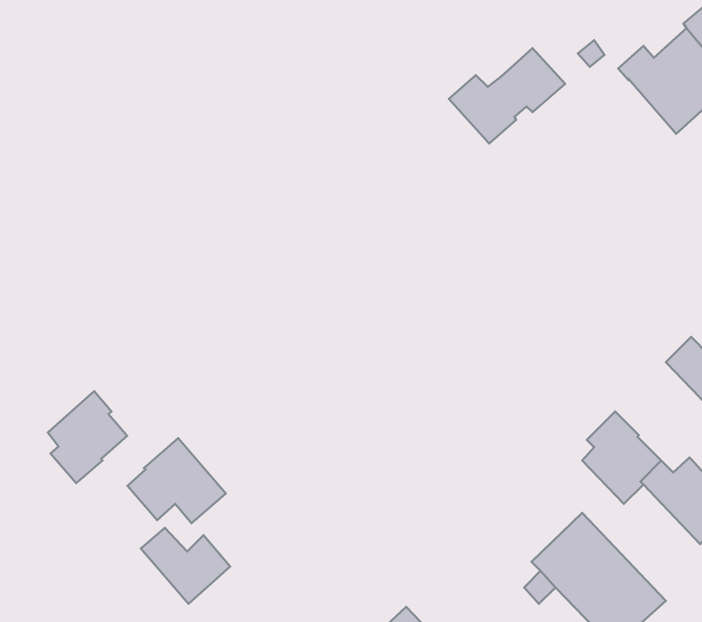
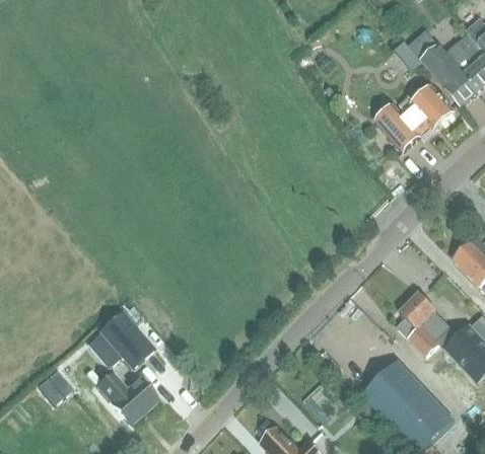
building: [449,48,565,144] -> [376,85,456,150]
building: [48,391,127,483] -> none
building: none -> [39,369,73,403]

